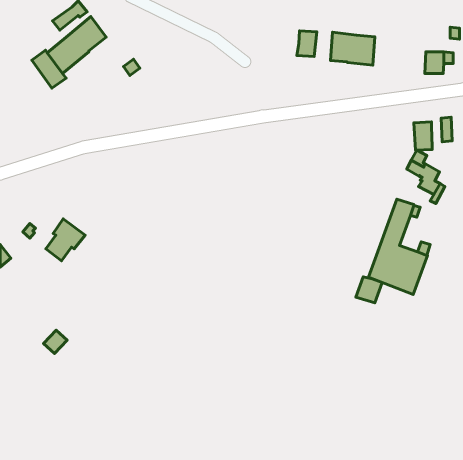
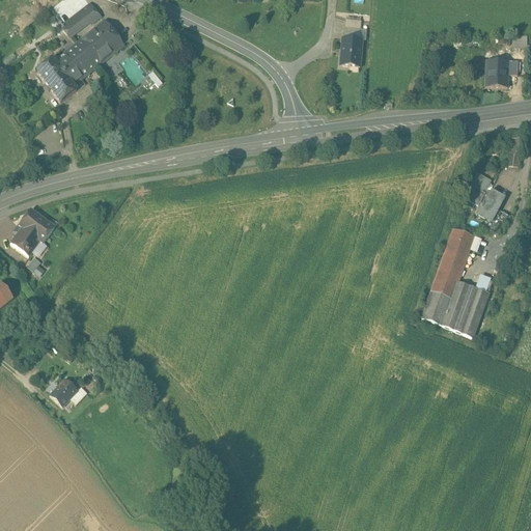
building: [330,32,375,65] -> none
building: [414,122,432,150] -> none
building: [46,219,85,261] -> [11,206,56,254]
building: [356,277,382,303] -> none

